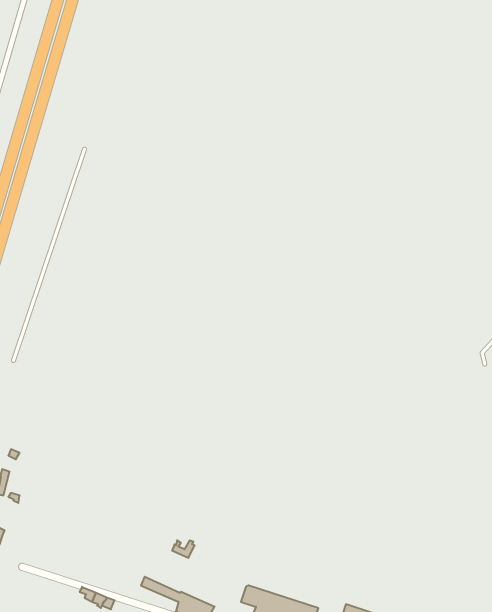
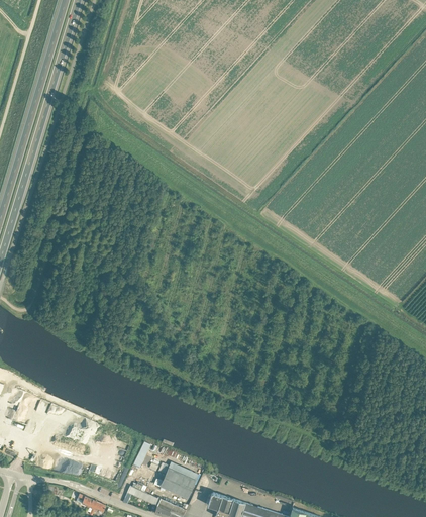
building: none -> [162,469,196,499]

